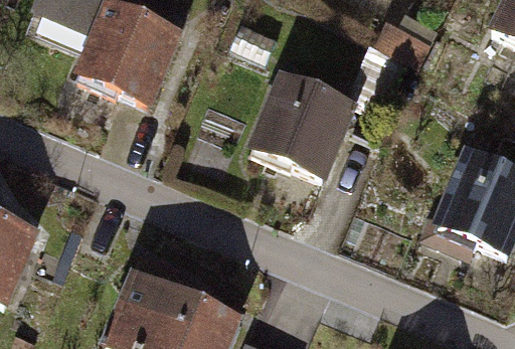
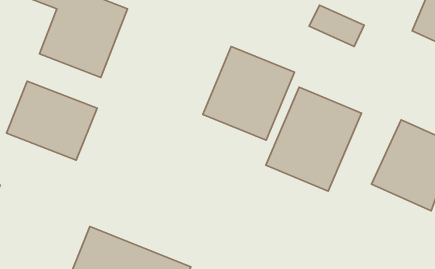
building: none -> [6,81,97,160]
building: none -> [266,87,362,191]

